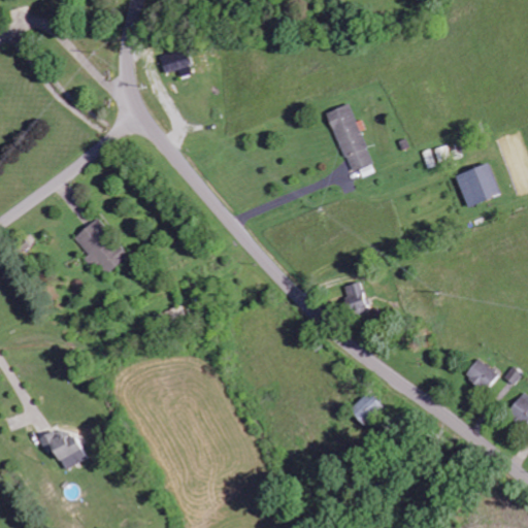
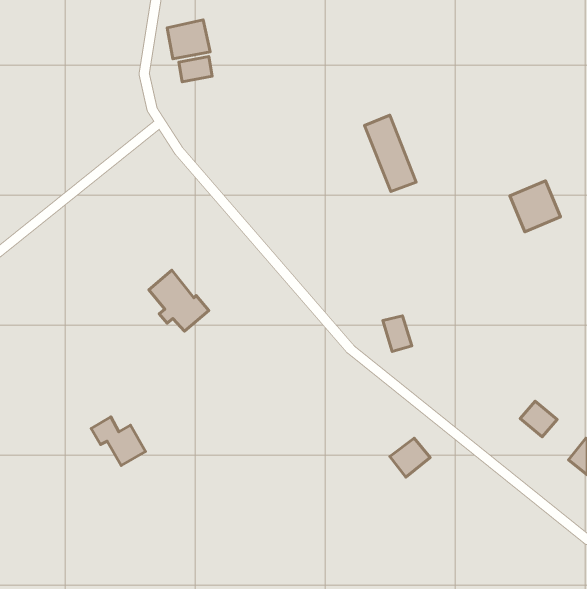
building: none -> [167,20,210,59]
building: [74,220,128,274] -> [149,270,209,331]
building: [38,428,87,471] -> [91,417,145,465]

